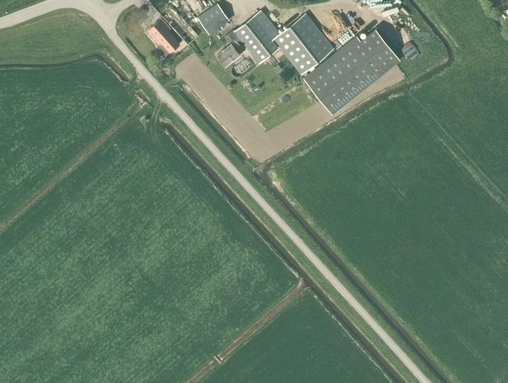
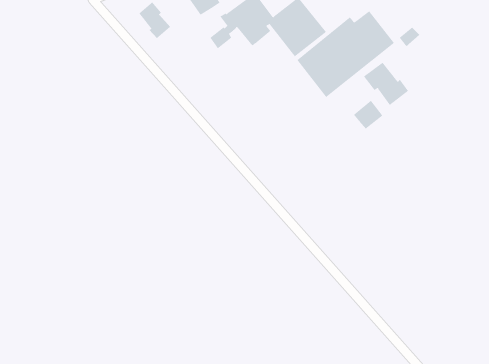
building: none -> [363,62,409,106]
building: none -> [353,100,383,129]

